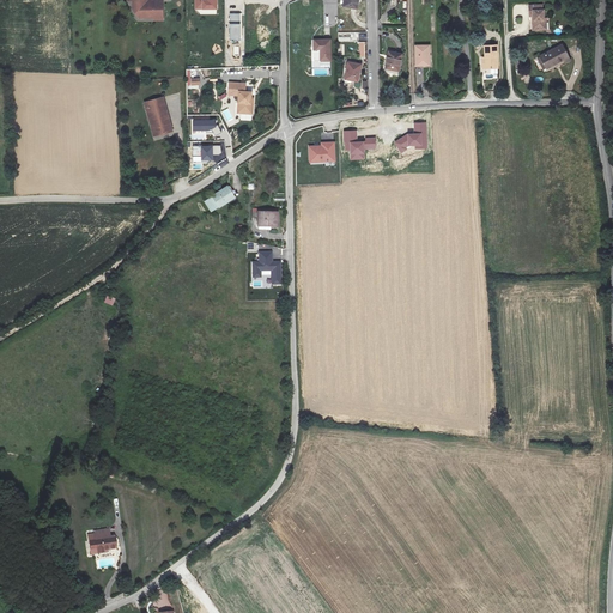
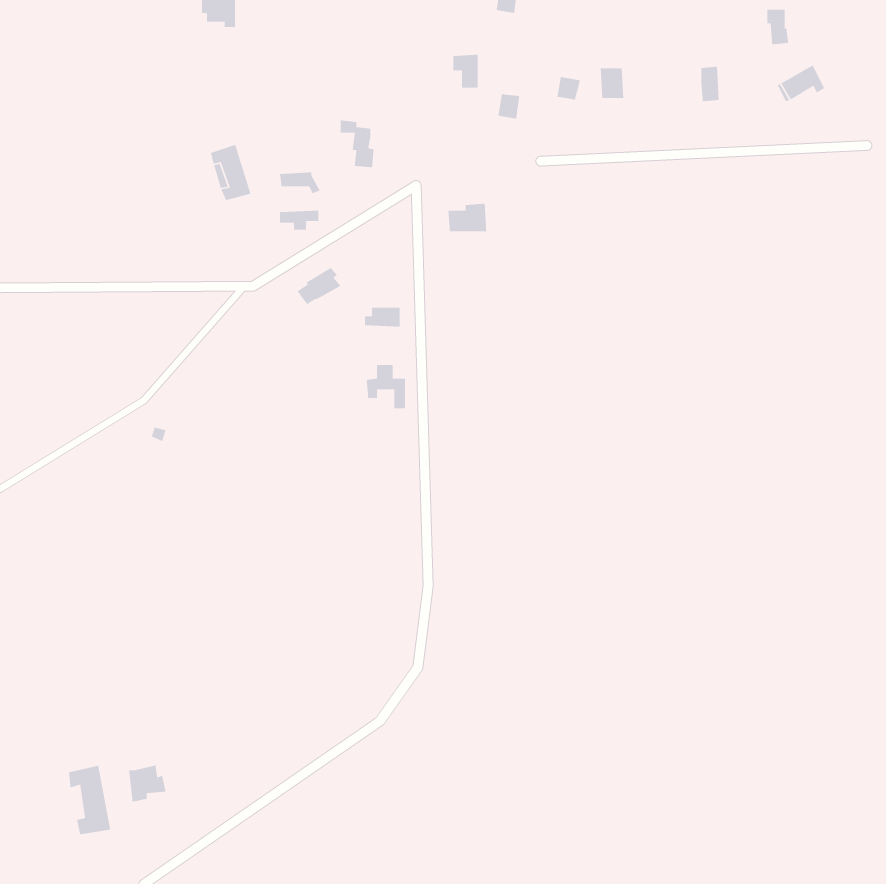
building: [394,122,426,152] -> none
building: [345,131,375,159] -> none
building: none -> [68,765,111,835]

